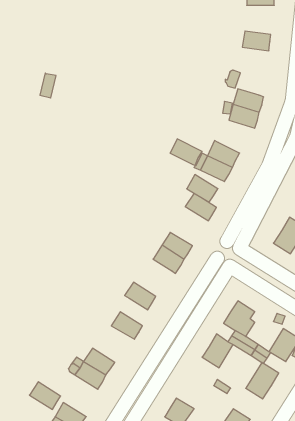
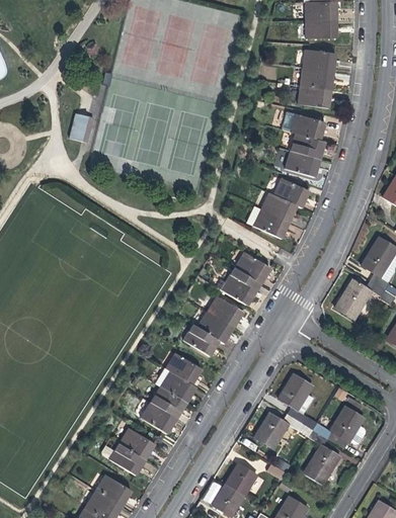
building: none -> [302,49,334,71]
building: none -> [297,85,329,107]
building: none -> [291,114,323,140]
building: [170,139,202,166] -> [271,177,308,207]
building: [187,175,218,202] -> [225,266,260,297]
building: none -> [183,323,219,355]
building: none -> [160,370,195,402]
building: none -> [141,402,176,432]
building: none -> [224,462,257,496]
building: [29,382,61,409] -> [95,473,131,505]

